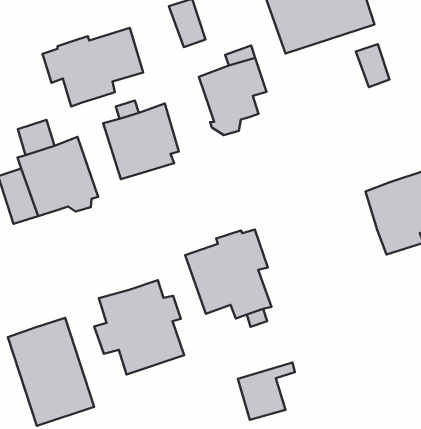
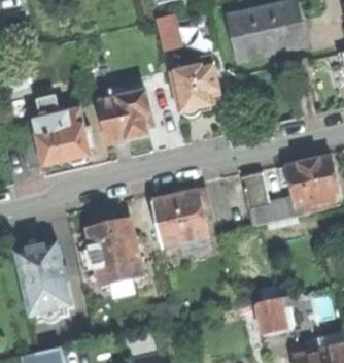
building: [42,28,143,107] -> none
building: none -> [239,168,297,224]
building: [238,363,295,420] -> [253,293,296,332]

